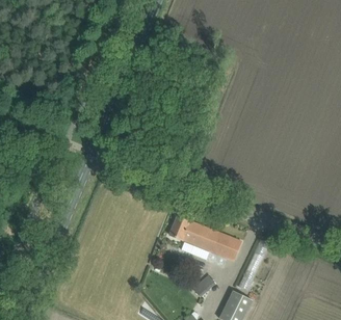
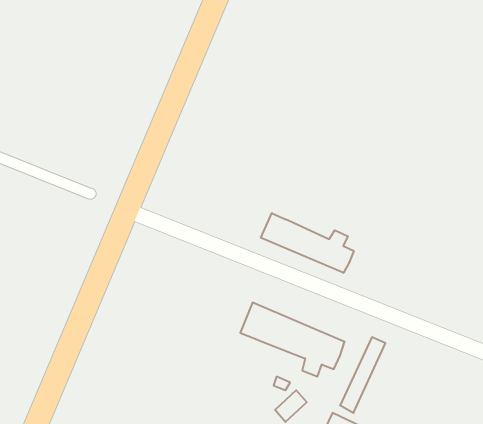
building: none -> [261,213,354,273]

